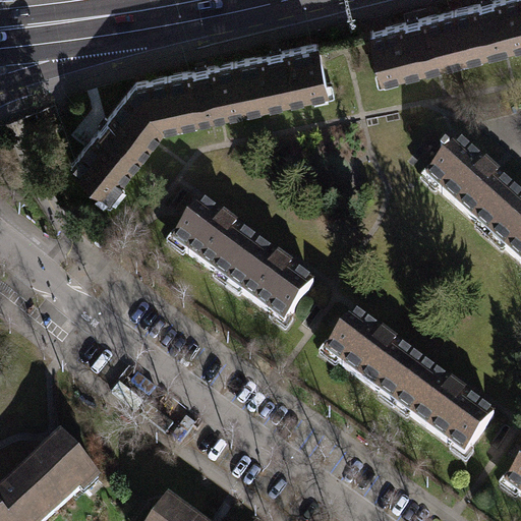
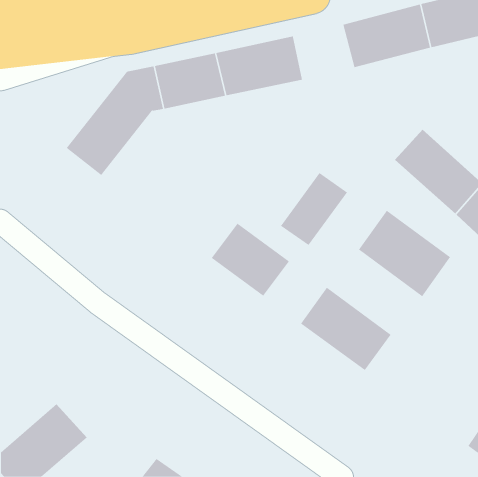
building: none -> [280,172,348,246]
building: [174,198,259,279] -> none
building: none -> [358,210,451,297]
building: [398,362,498,453] -> none

